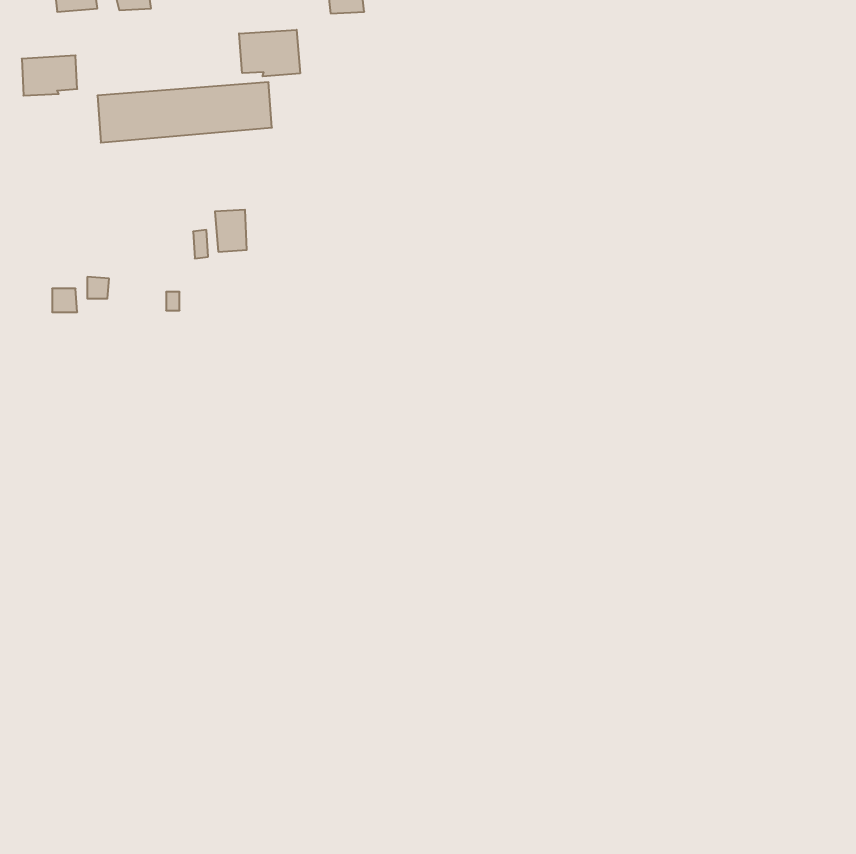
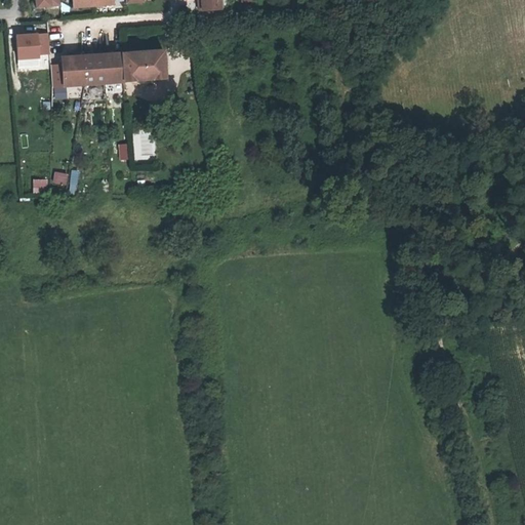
building: [239,30,300,76] -> none

